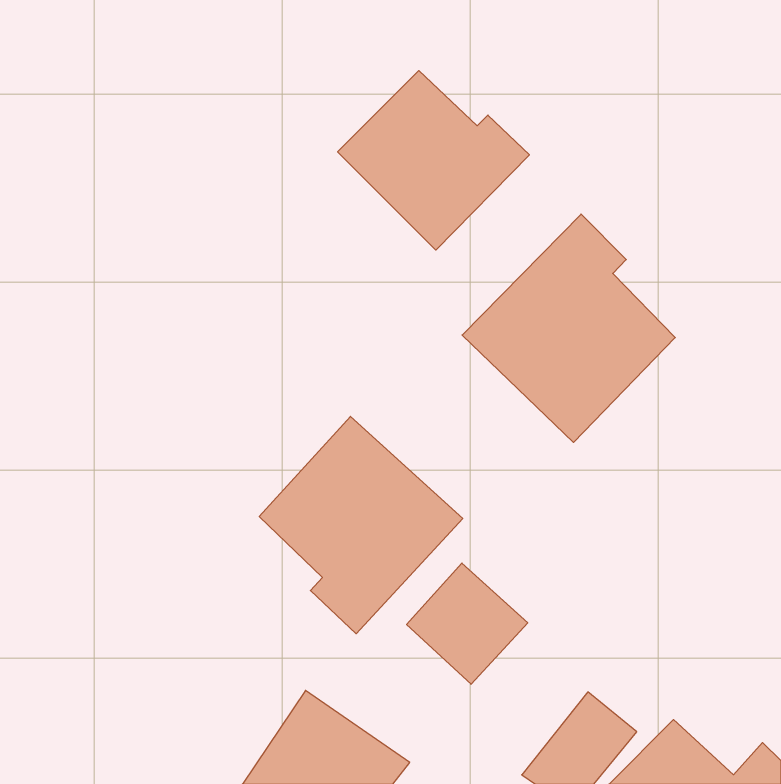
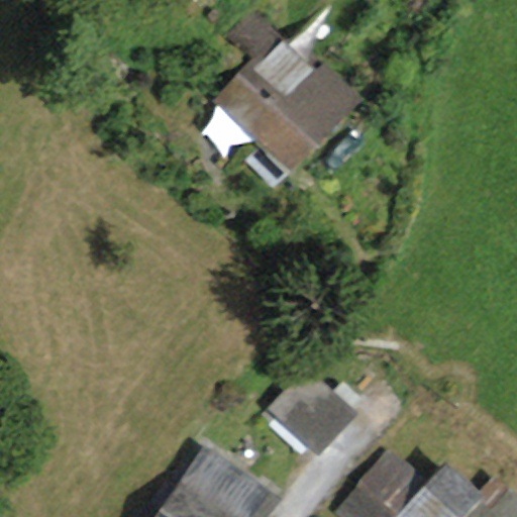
building: [462,214,675,442] -> none
building: [259,416,463,634] -> none

